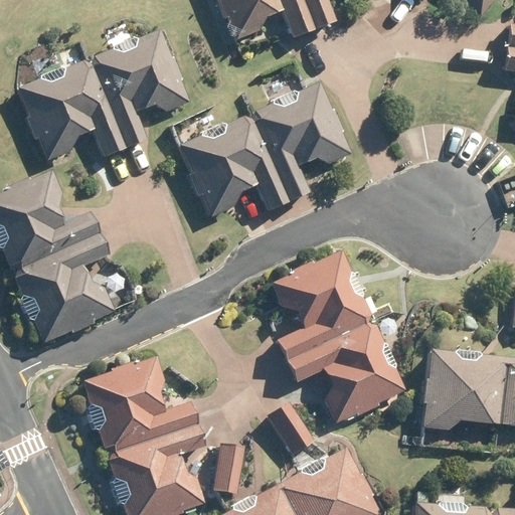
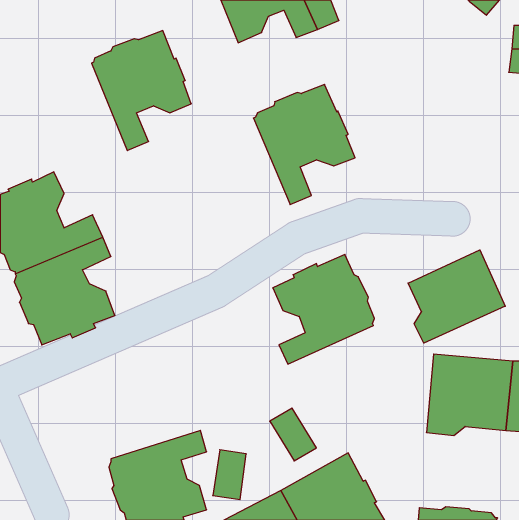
building: [18,60,127,161] -> none
building: [180,115,288,215] -> none
building: none -> [408,250,505,343]
building: [286,322,405,422] -> none
building: [83,358,199,454] -> none

